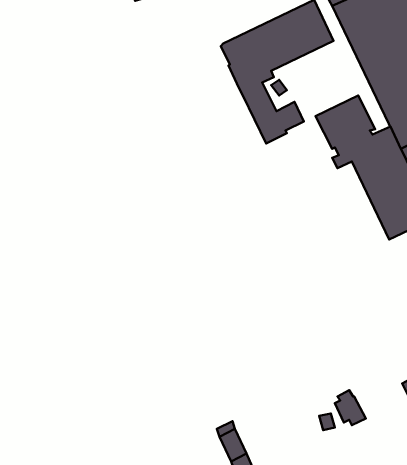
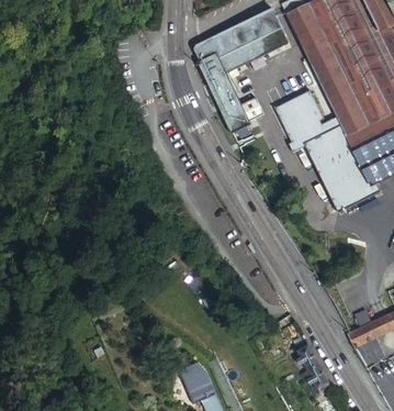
building: none -> [305,363,329,395]

